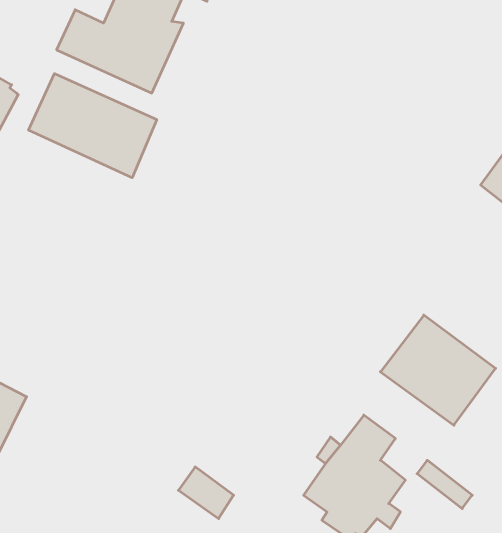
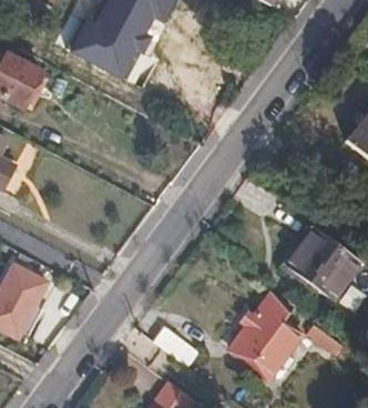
building: [29,74,157,178] -> none

